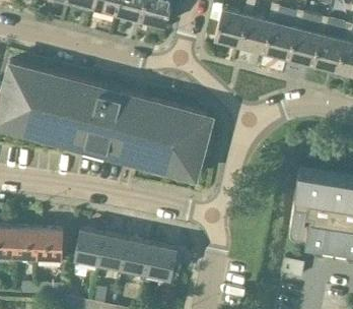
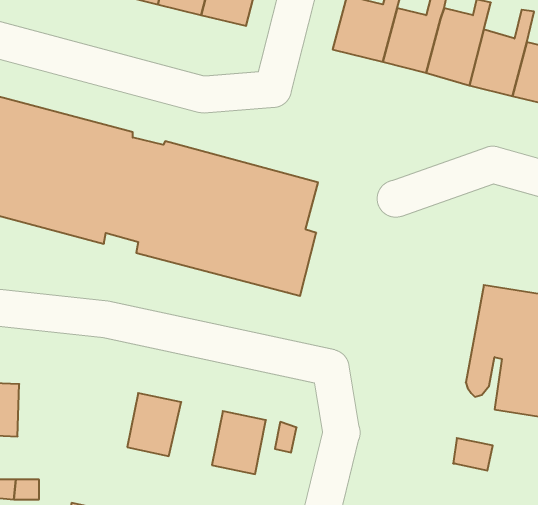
building: [37,229,63,259] -> none
building: [73,229,104,264] -> none
building: [122,239,152,274] -> none

